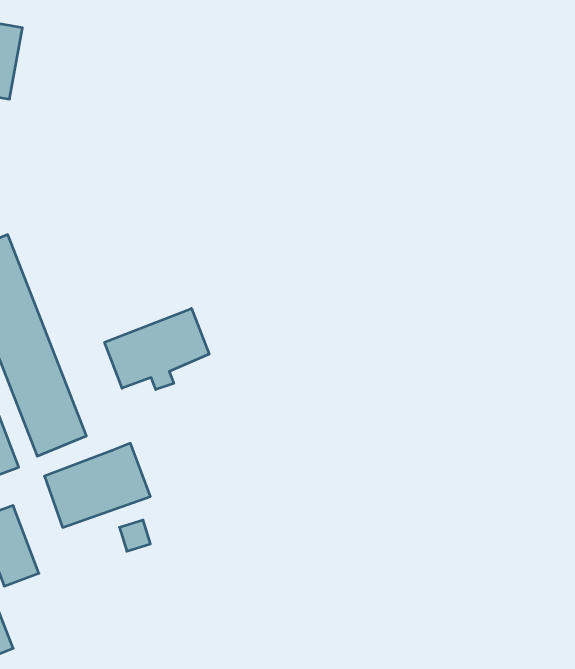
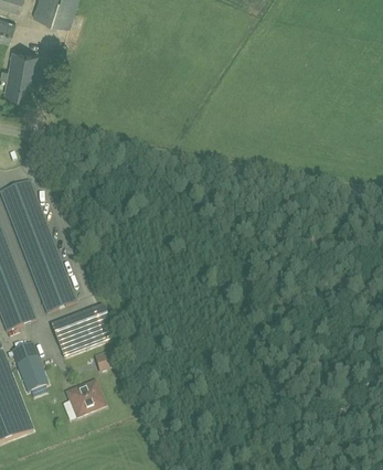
building: [105,308,209,390] -> none
building: none -> [67,382,106,418]

